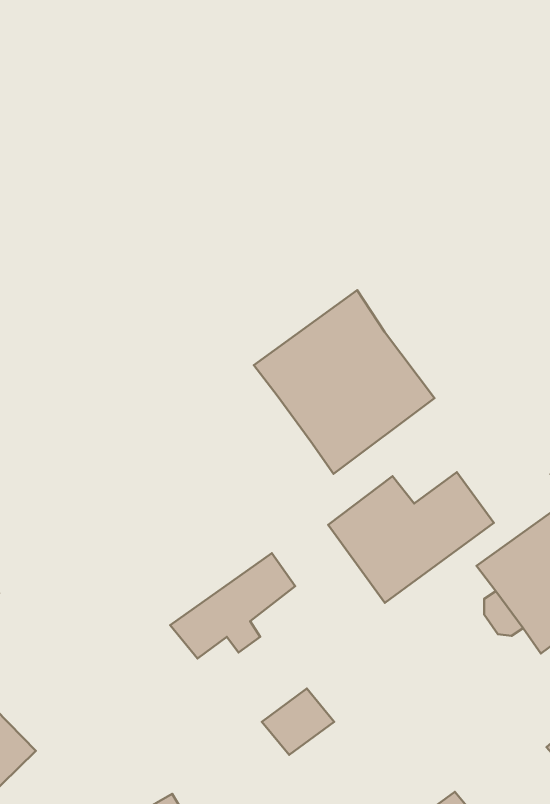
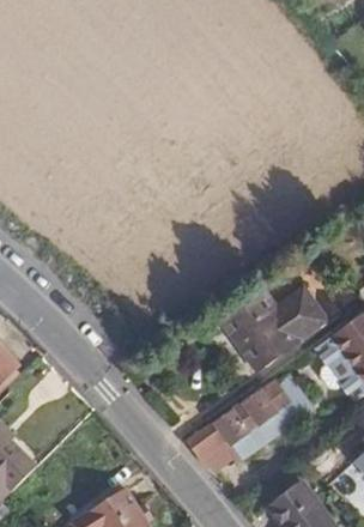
building: [254,290,435,474] -> none
building: [170,553,295,658] -> [207,381,284,446]

